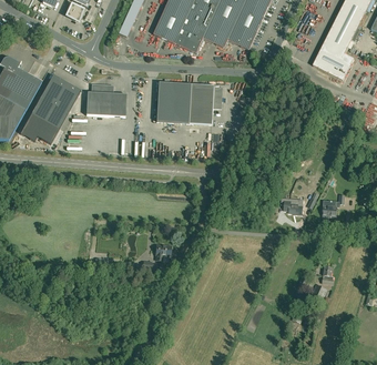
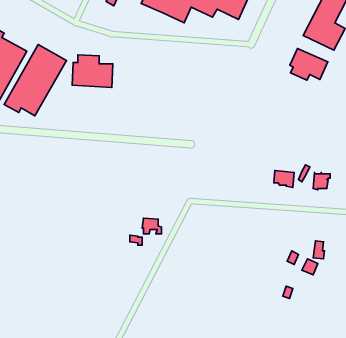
building: none -> [290,49,328,80]
building: [155,82,221,124] -> none

